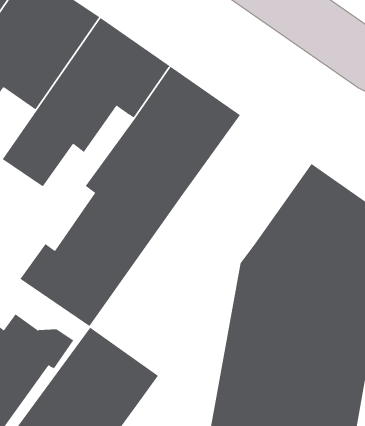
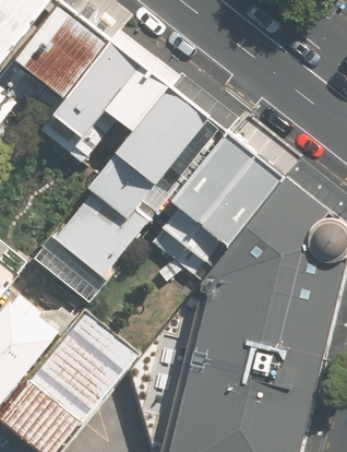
building: none -> [151,133,283,277]

